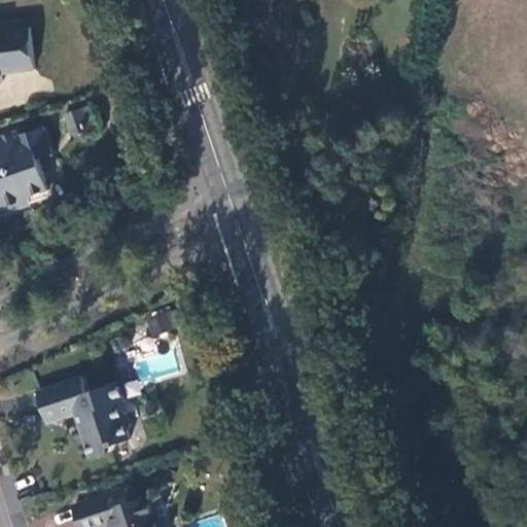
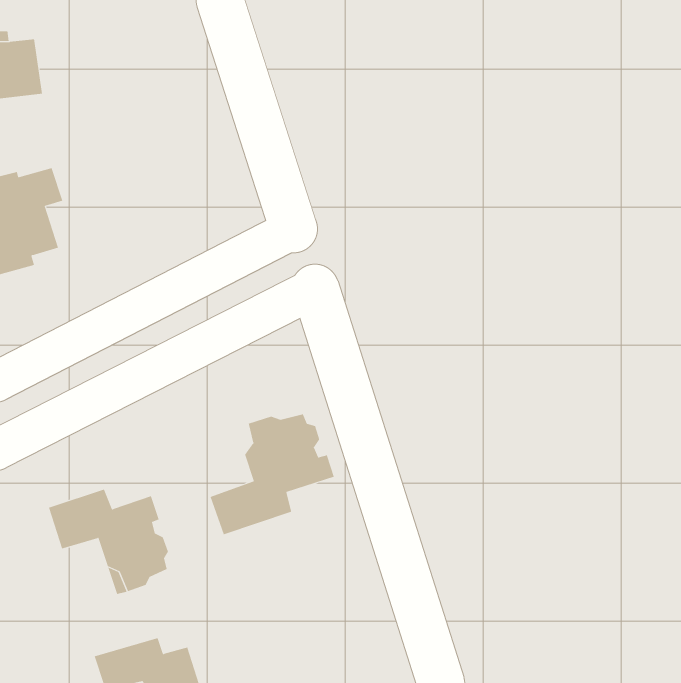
building: none -> [210,414,335,535]

